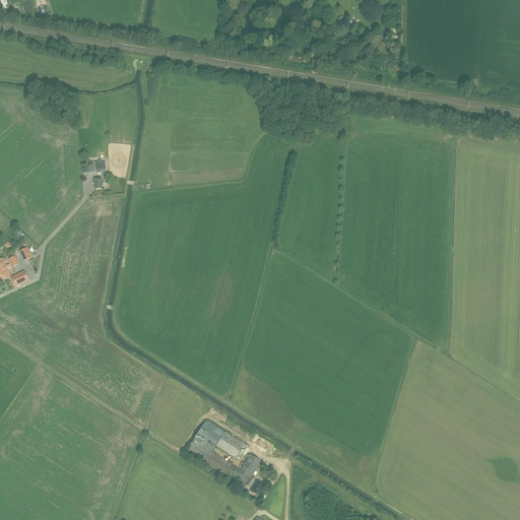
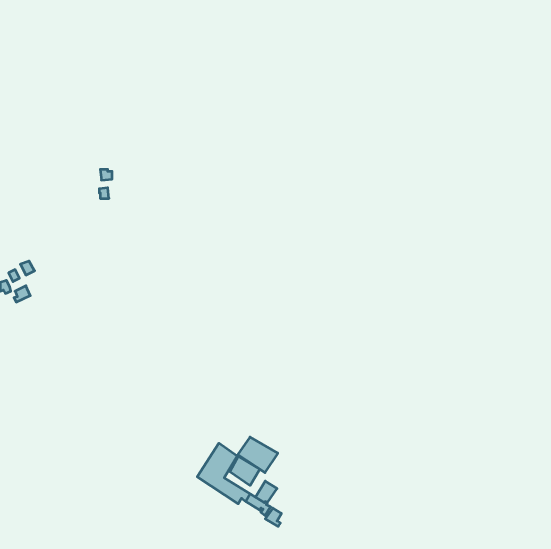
building: none -> [238,437,278,473]

